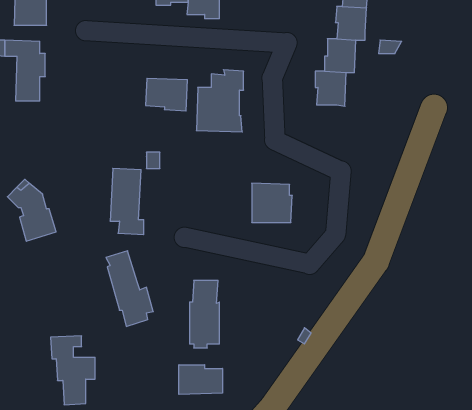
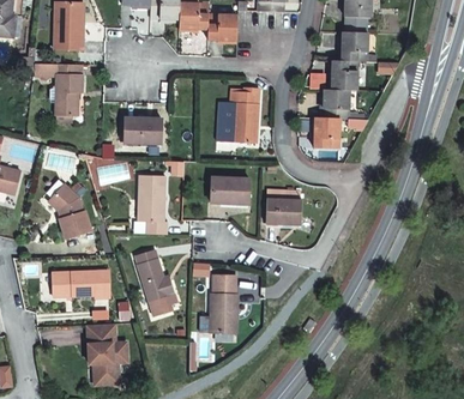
building: [146,78,187,111] -> [125,117,162,146]
building: none -> [312,120,341,149]
building: none -> [210,177,248,205]
building: none -> [52,271,104,298]
building: [179,365,222,394] -> none

